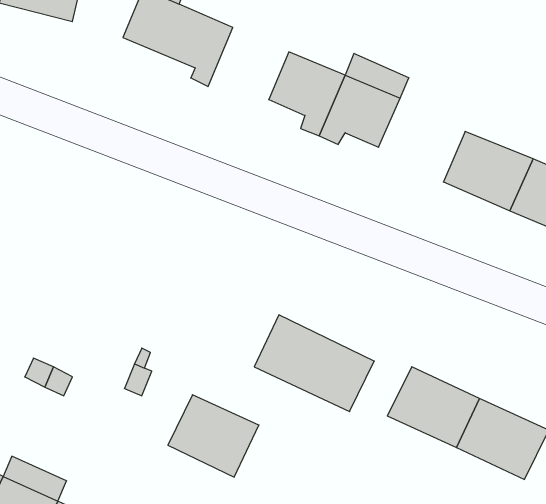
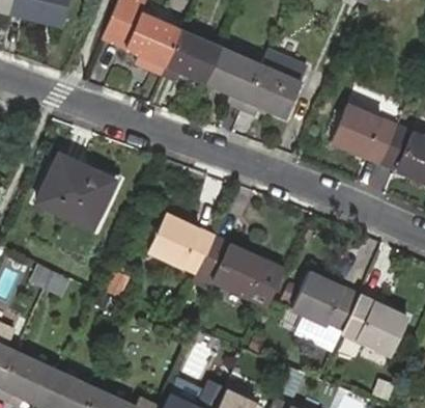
building: none -> [163,30,221,82]
building: none -> [37,155,114,227]
building: [168,395,259,477] -> [148,215,214,274]

